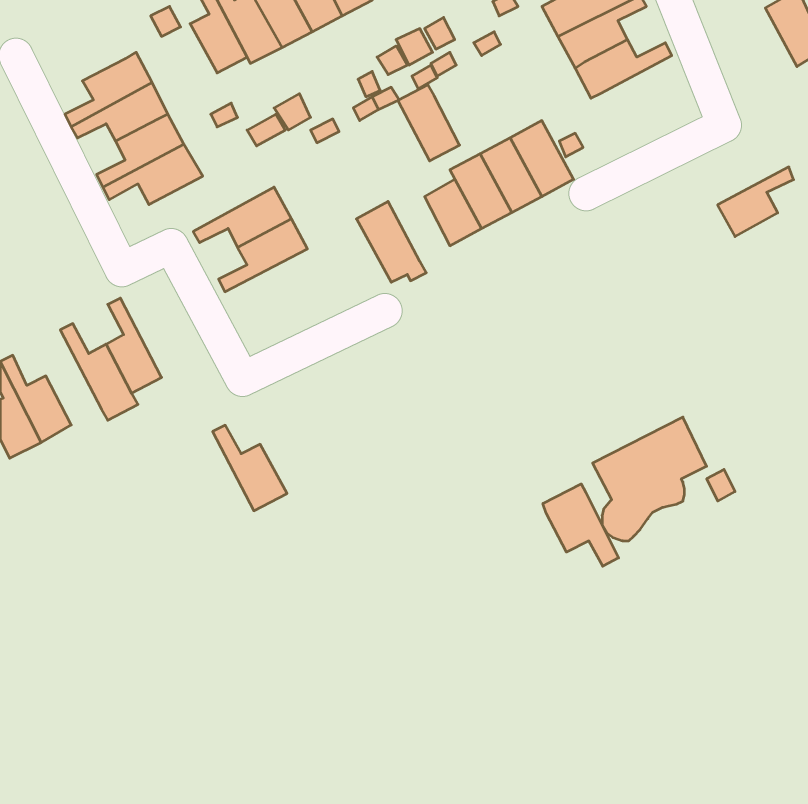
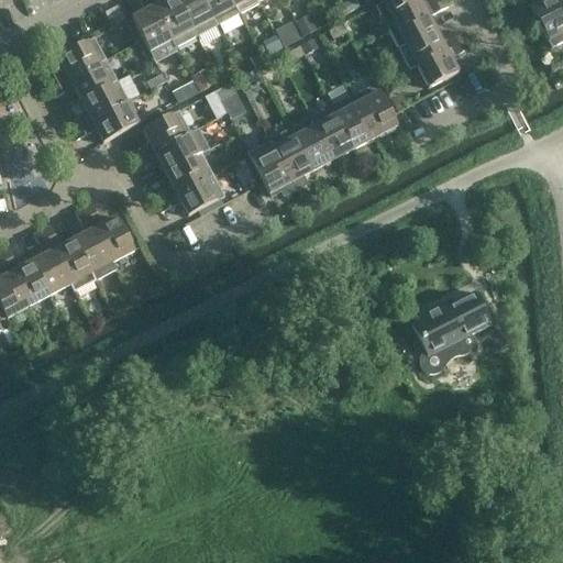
building: [398,85,460,161] -> [271,129,313,181]
building: none -> [131,110,191,161]
building: [718,167,794,237] -> [418,38,471,87]
building: none -> [157,173,227,216]
building: none -> [33,229,71,295]
building: [213,425,287,511] -> [85,202,136,262]
building: [543,484,619,566] -> none

